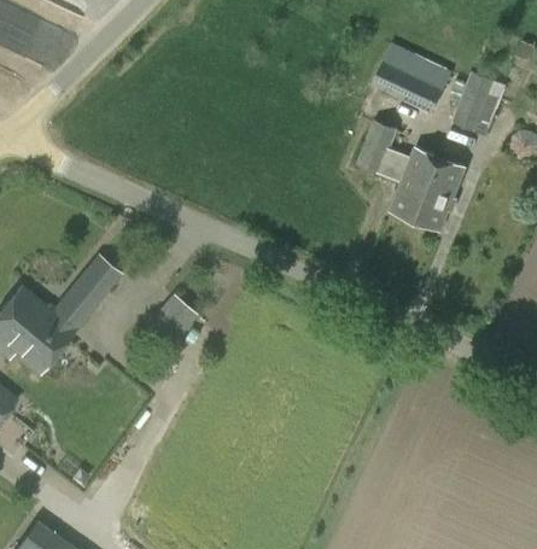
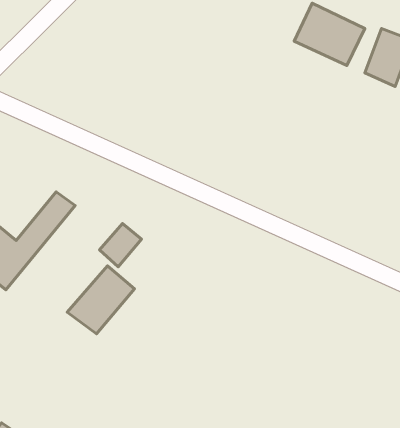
building: [356,119,463,229] -> none
building: none -> [67,266,135,334]

